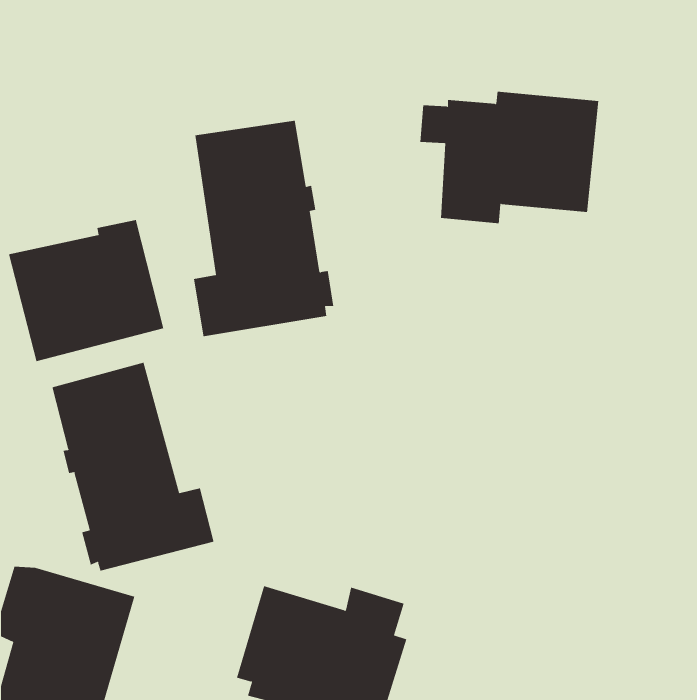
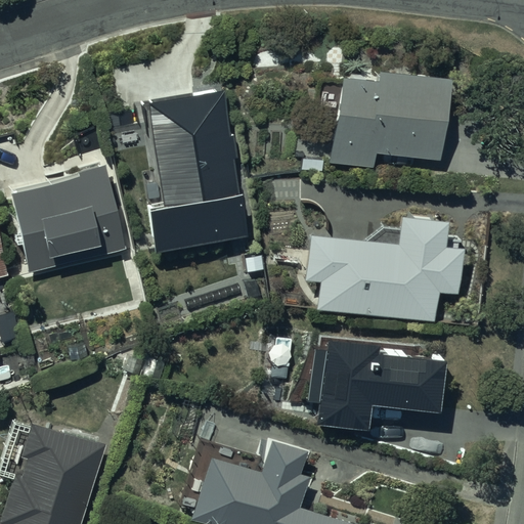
building: none -> [302,224,461,321]
building: [52,362,214,571] -> none
building: none -> [315,339,441,430]

